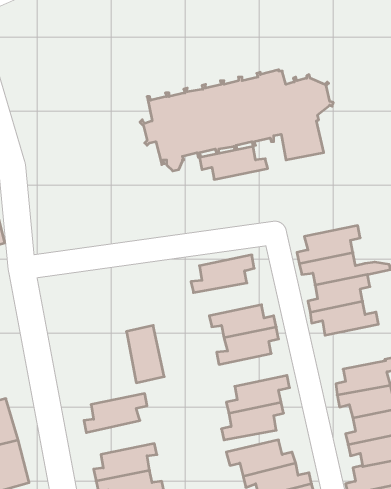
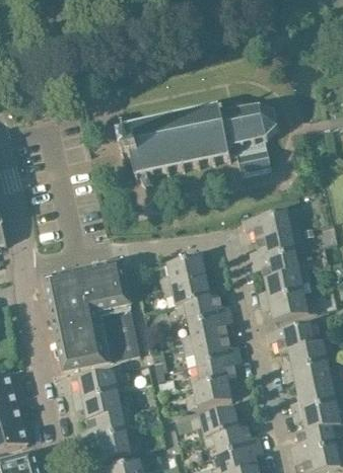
building: [199,146,268,179] -> [244,212,300,239]
building: none -> [45,262,128,372]
building: none -> [163,278,220,305]
building: none -> [267,323,324,351]
building: none -> [185,336,242,364]
building: none -> [74,392,131,420]

